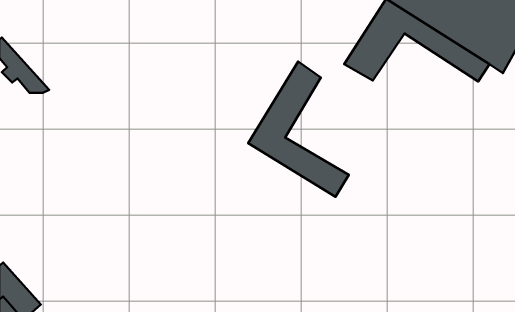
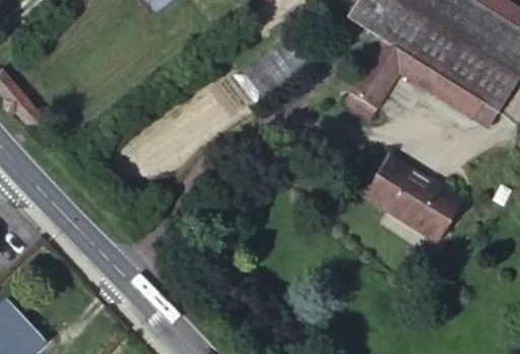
building: [248,61,349,197] -> none
building: none -> [369,158,463,240]

